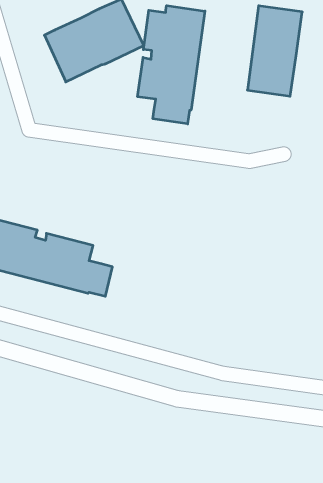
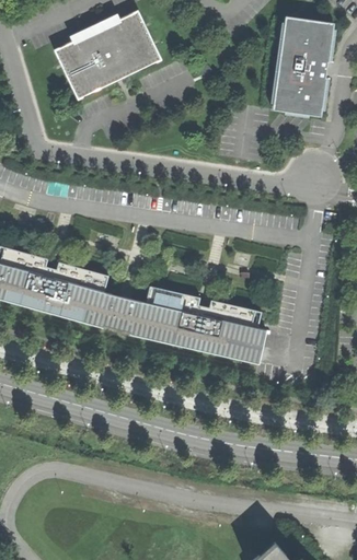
building: [138,6,205,124] -> none
building: none -> [120,285,265,365]

